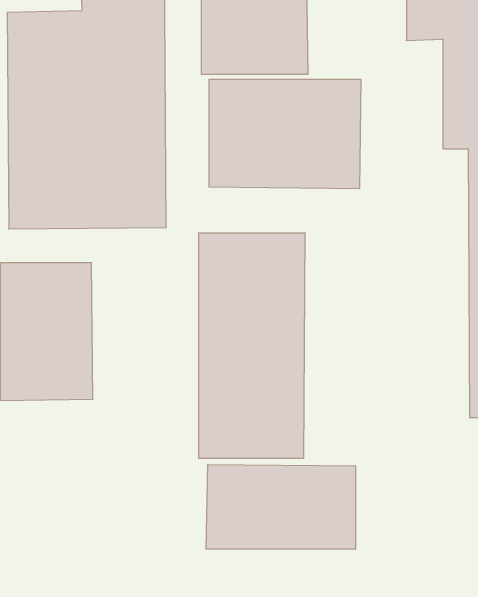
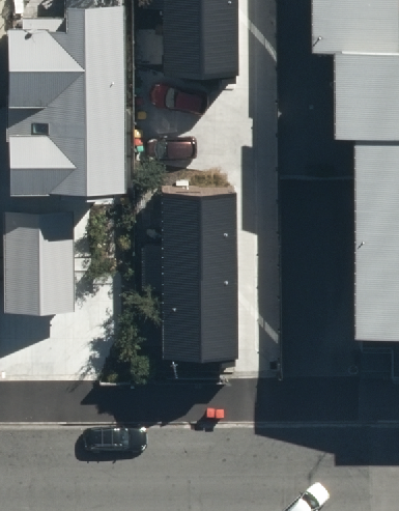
building: [209,79,361,189] -> none
building: [206,465,355,549] -> none

